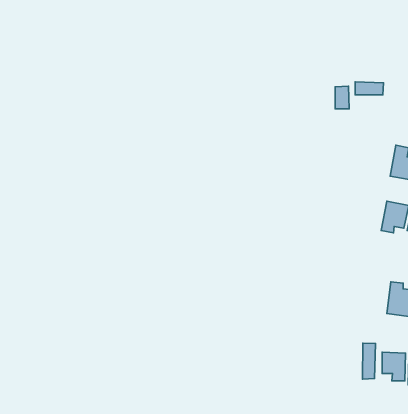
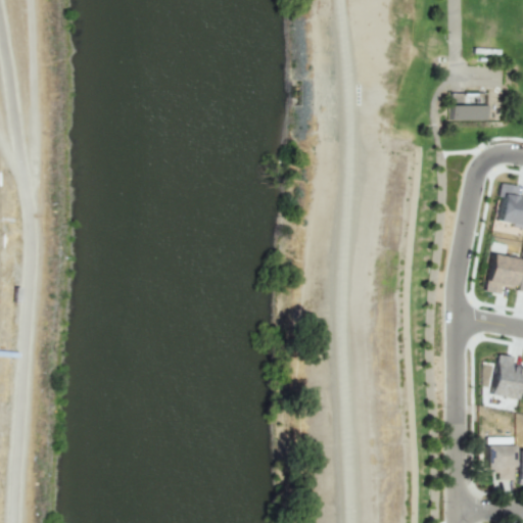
building: [335,86,349,109] -> none
building: [363,343,375,379] -> none

